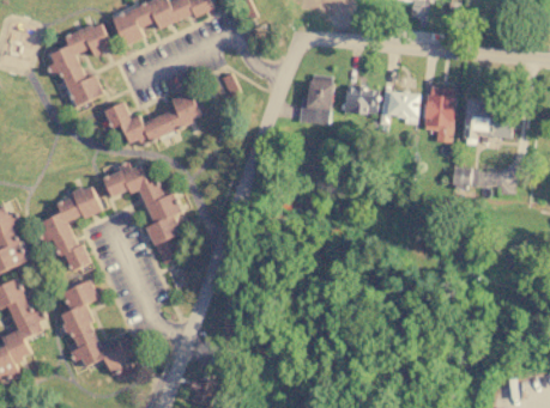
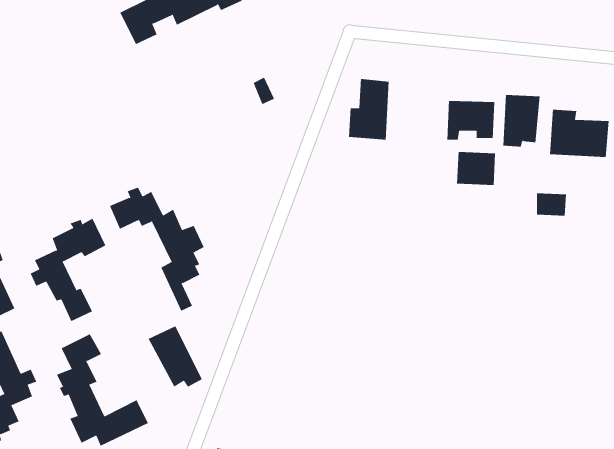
building: [47,24,111,106] -> none
building: [344,85,376,112] -> [456,152,496,185]
building: [105,92,199,147] -> none
building: none -> [148,325,203,387]

